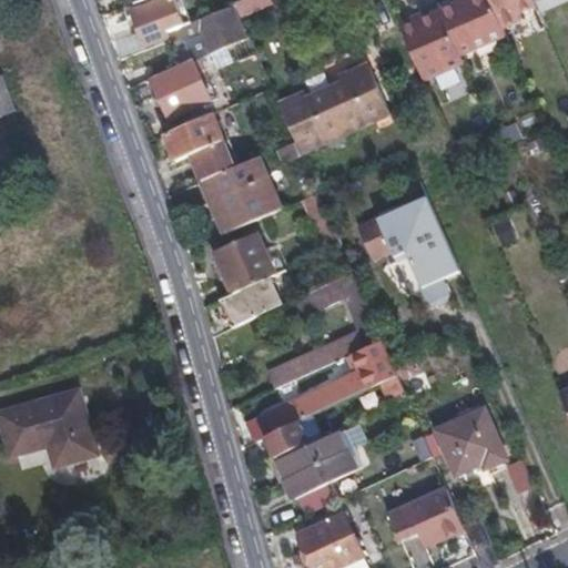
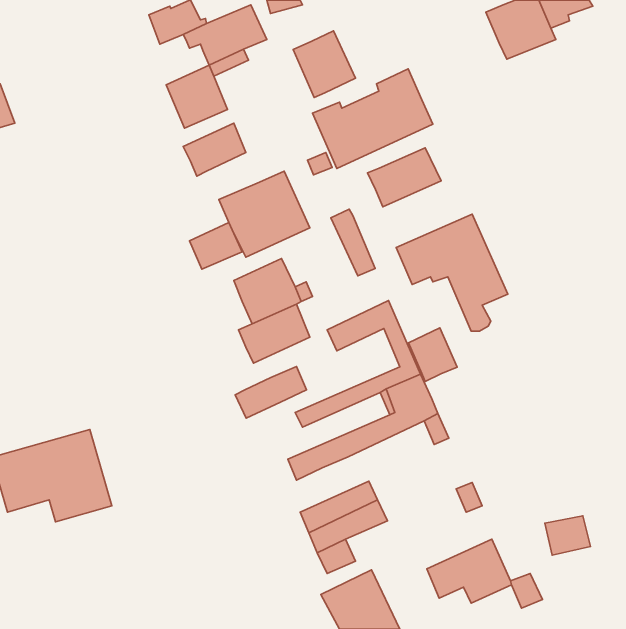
building: [398,11,460,77] -> none
building: none -> [293,31,355,98]
building: none -> [367,148,441,207]
building: [186,138,234,180] -> [189,222,242,269]
building: none -> [408,328,457,381]
building: [435,406,503,471] -> none
building: [258,412,323,458] -> [235,366,306,418]

